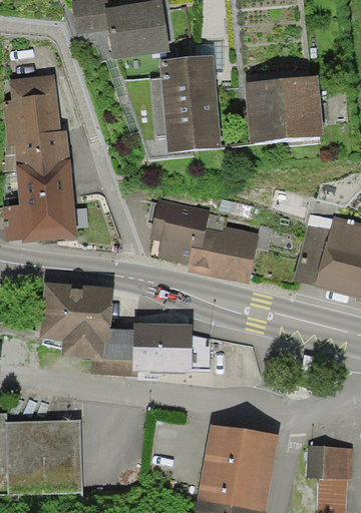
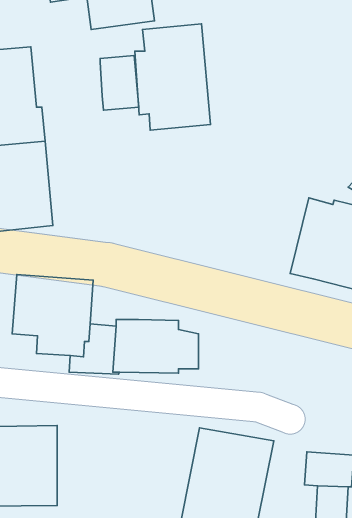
building: [246,74,324,143] -> none
building: none -> [100,55,139,110]
building: [149,196,260,283] -> none

